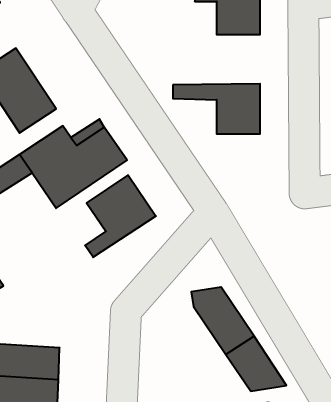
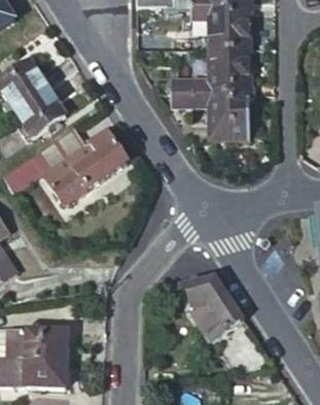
building: none -> [167,48,248,94]
building: [85,175,156,257] -> none

